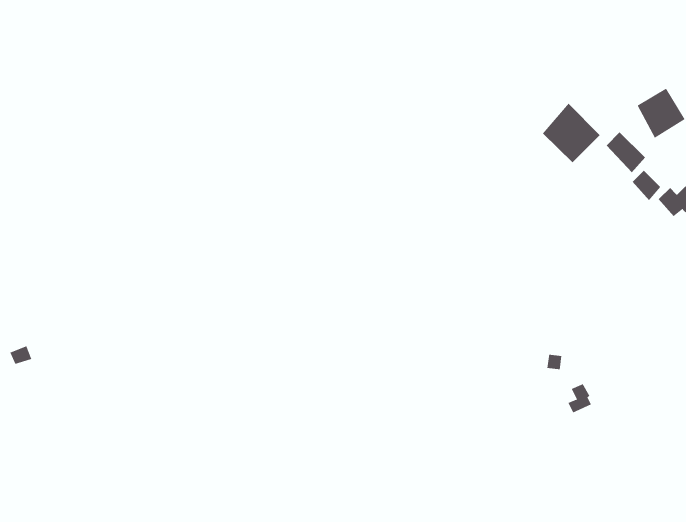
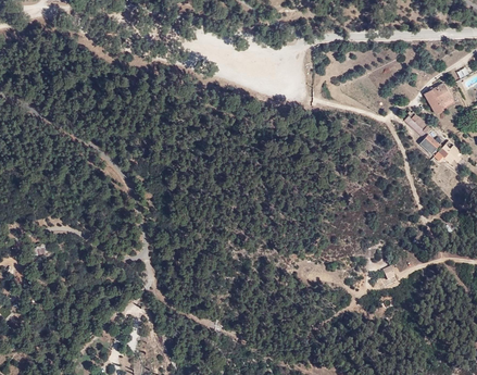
building: [542,103,601,163] -> none

